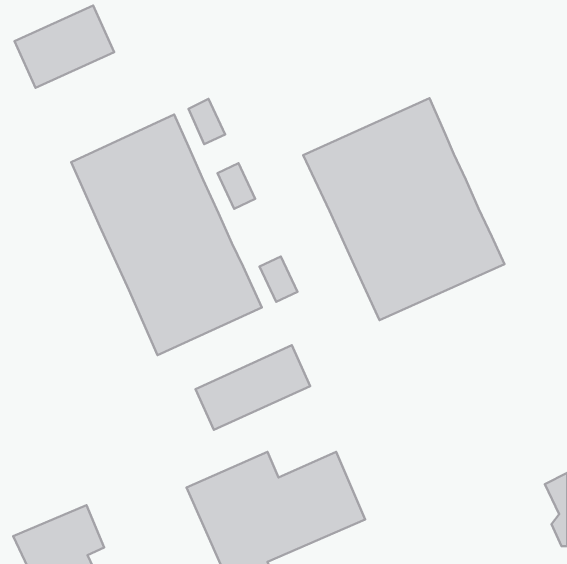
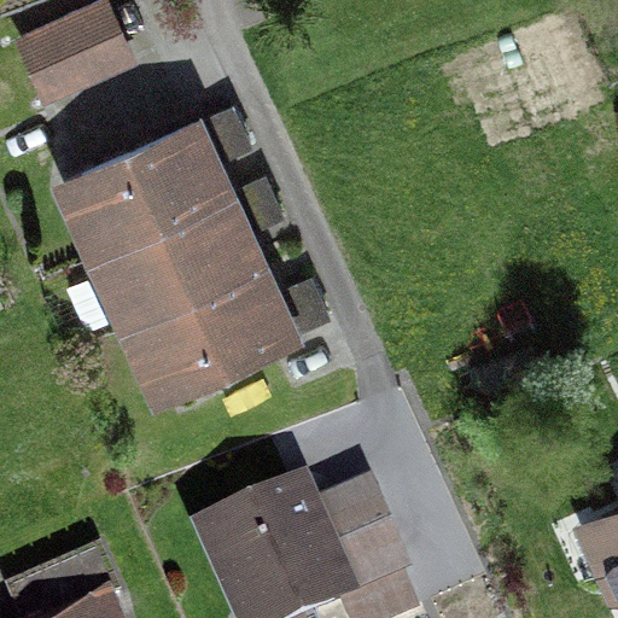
building: [303,98,505,320] -> none
building: [196,345,310,430] -> none

